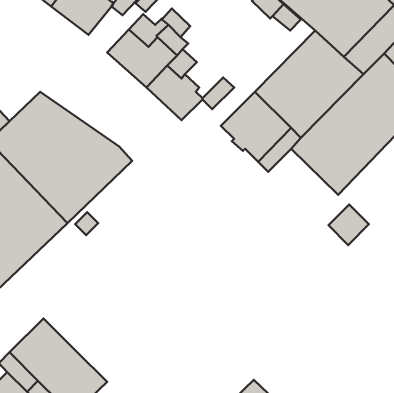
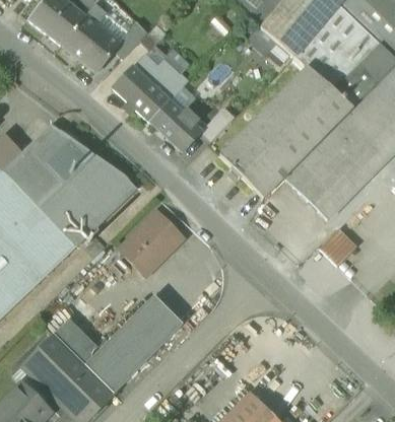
building: none -> [119,211,182,274]
building: none -> [54,295,182,393]

